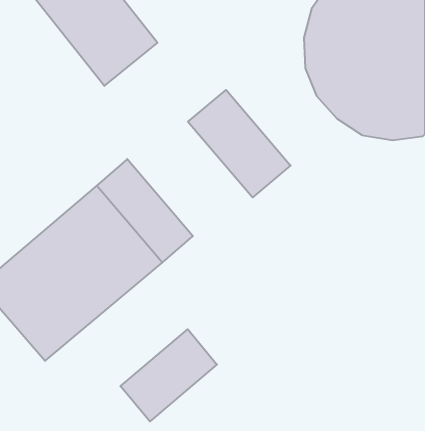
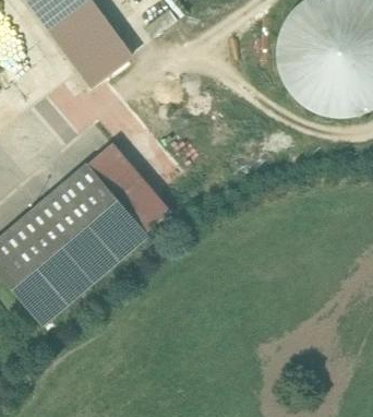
building: [188,90,291,197] -> none
building: [120,329,217,421] -> none

